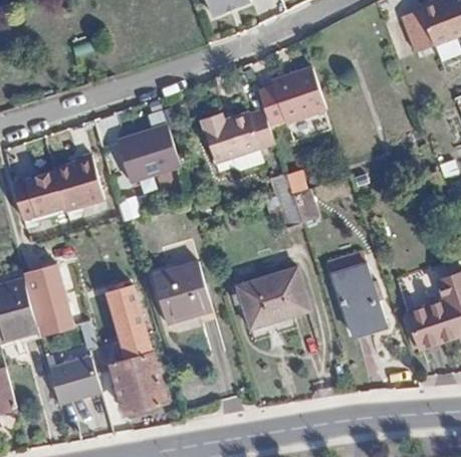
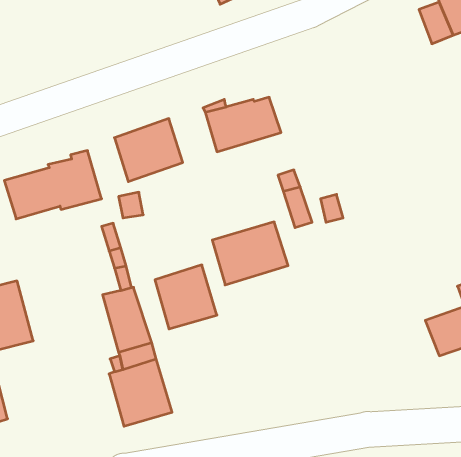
building: [271,63,328,124] -> none
building: [21,262,81,336] -> none
building: [330,262,385,331] -> none
building: [237,268,308,327] -> [212,222,288,285]
building: [47,356,98,402] -> none

